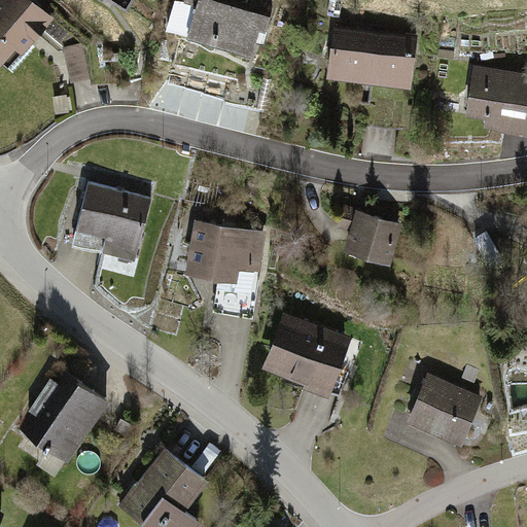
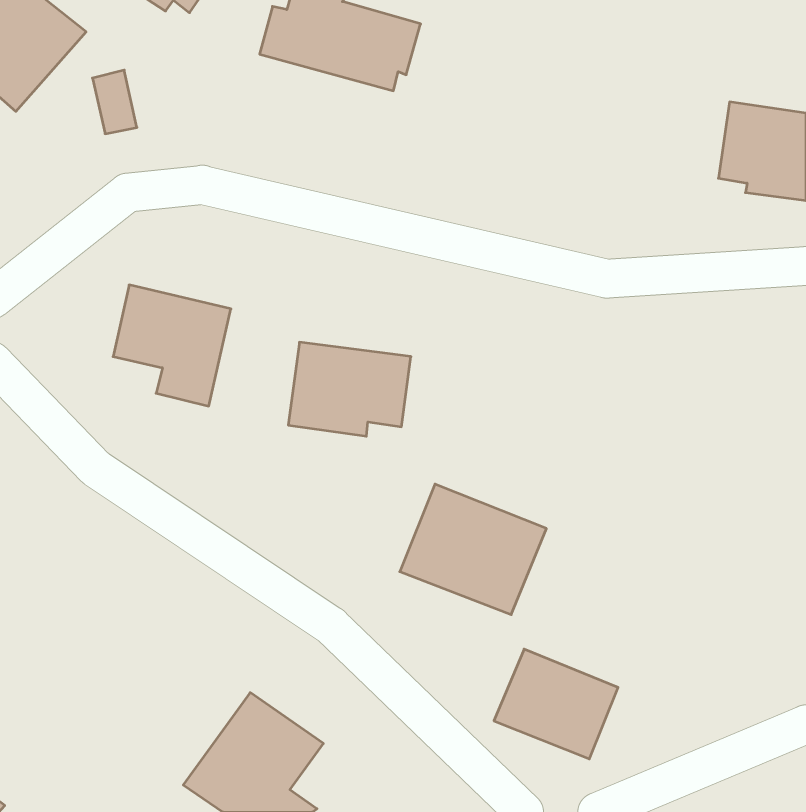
building: [326,27,419,89] -> none
building: [338,207,405,267] -> none
building: [16,370,109,464] -> none
building: [407,374,487,445] -> [494,649,618,759]

